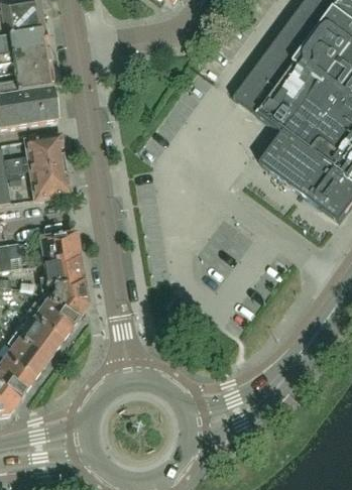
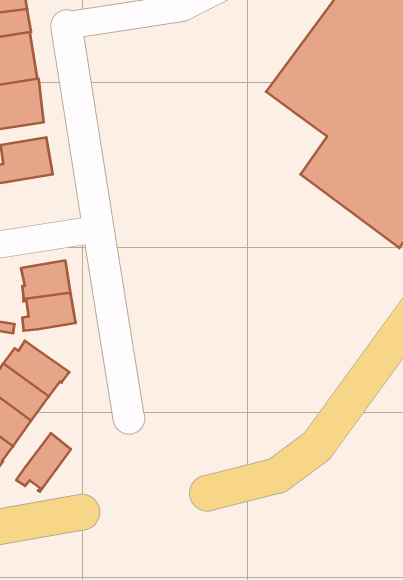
building: [29,162,70,198] -> none
building: [50,280,88,319] -> none
building: none -> [16,433,71,492]

